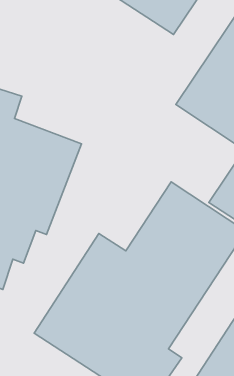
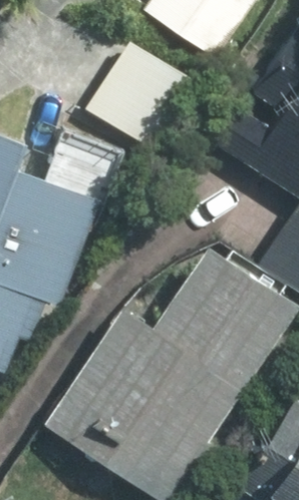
building: none -> [83,41,202,154]

